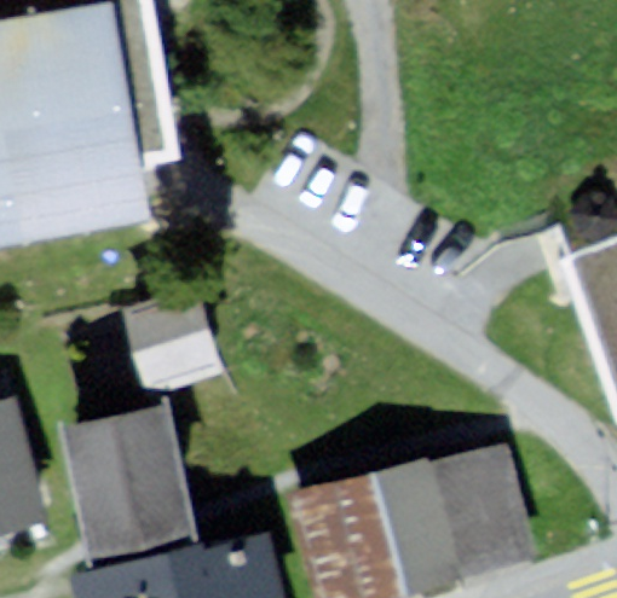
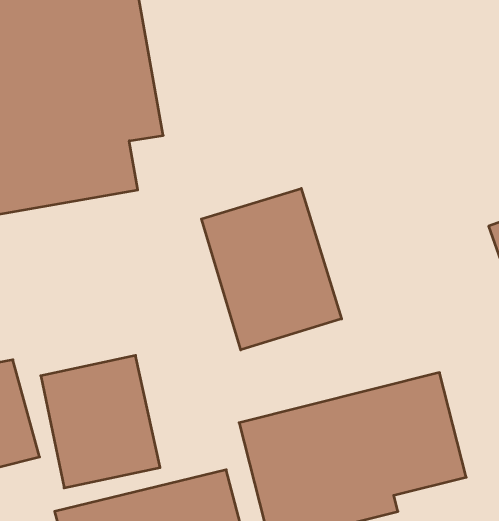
building: none -> [201,188,342,350]
building: [116,306,217,399] -> none

